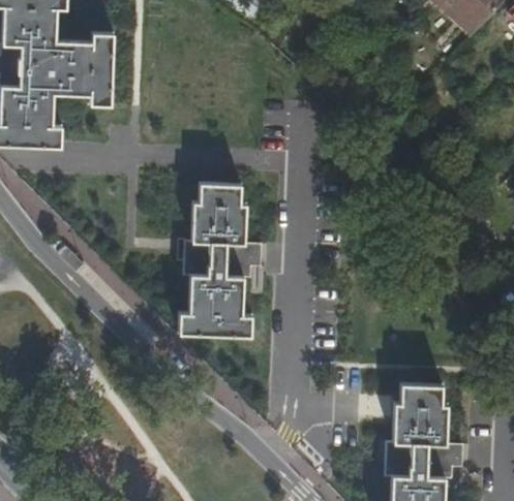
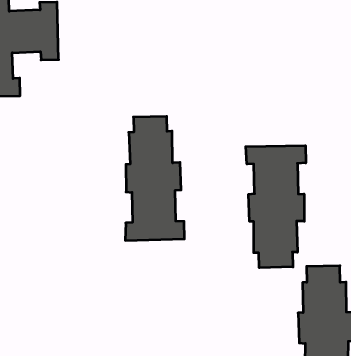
building: none -> [246,146,306,268]

